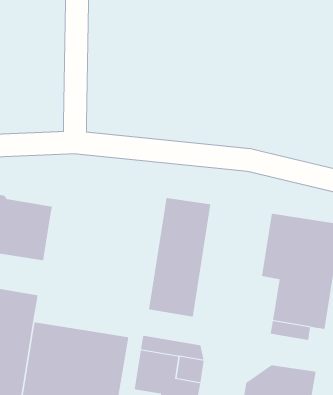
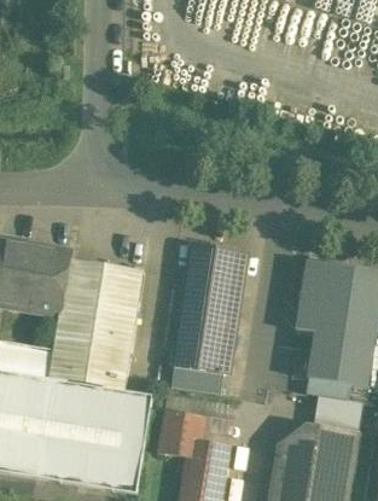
building: none -> [50,258,144,391]
building: none -> [171,366,223,394]
building: none -> [308,395,362,433]

